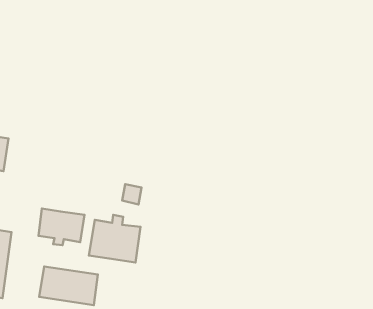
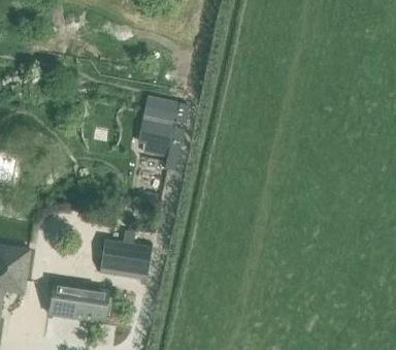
building: none -> [145,99,186,171]
building: [39,209,85,245] -> none

